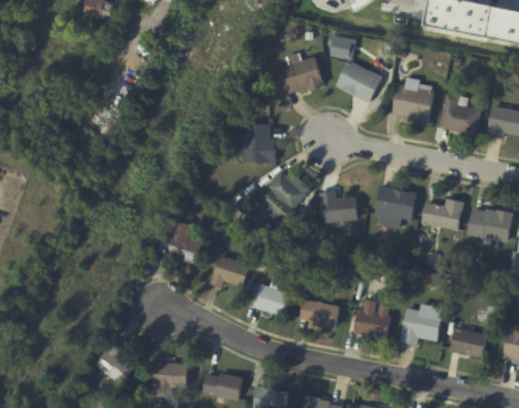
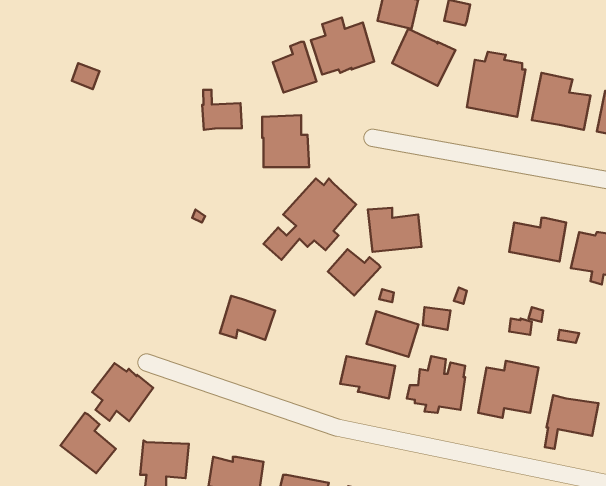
building: none -> [273,42,317,93]
building: none -> [202,90,242,130]
building: [374,186,417,228] -> none
building: [156,220,201,264] -> none
building: none -> [328,249,381,295]
building: [252,284,290,318] -> [366,311,418,357]
building: none -> [92,363,153,421]

